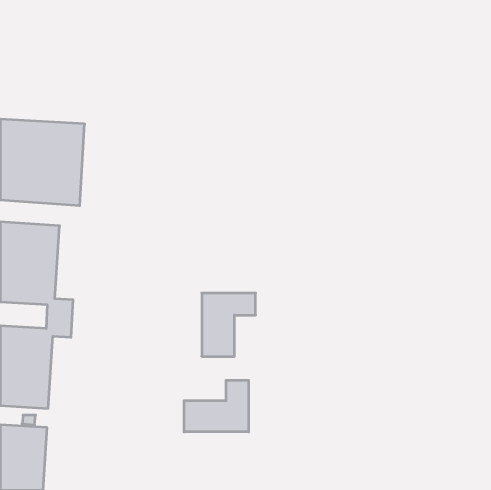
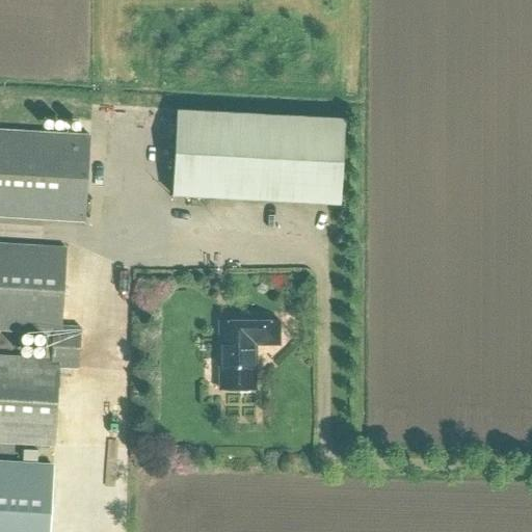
building: none -> [172,110,345,205]
building: [184,380,249,432] -> none

